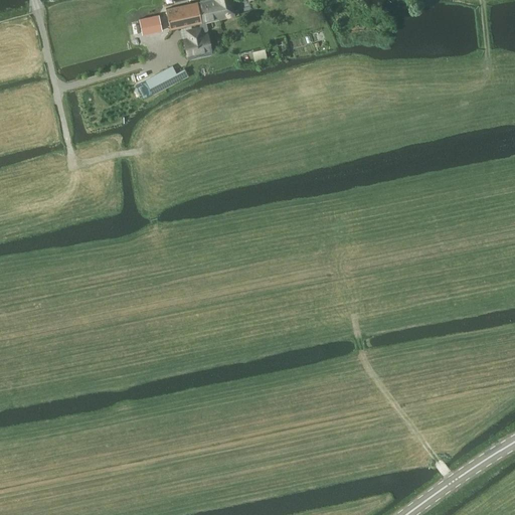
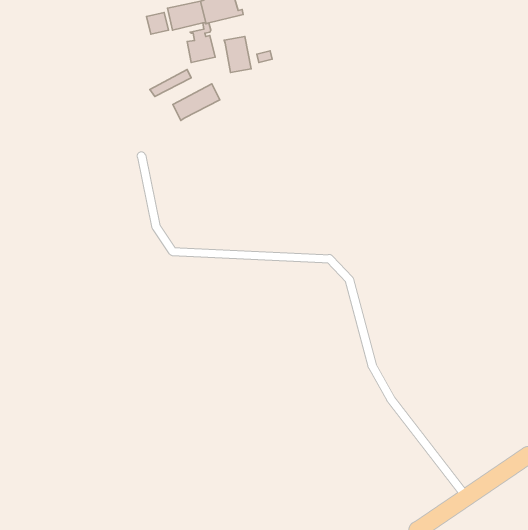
building: none -> [224,37,251,73]
building: none -> [173,84,220,120]

